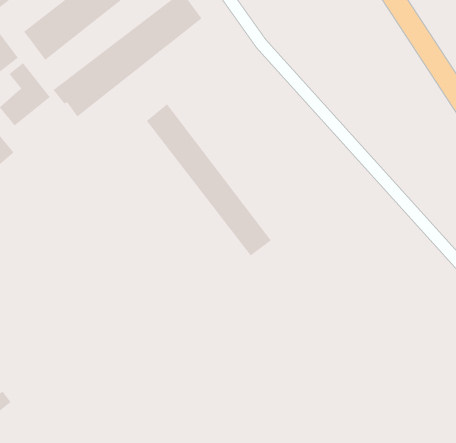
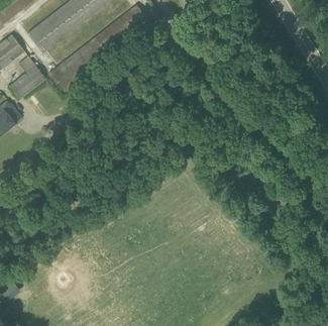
building: [146,103,272,257] -> none

